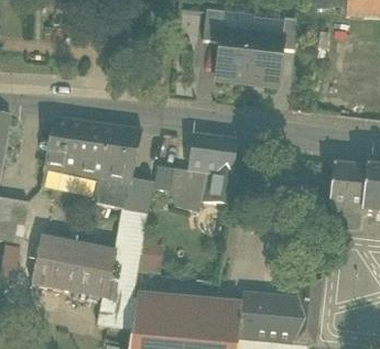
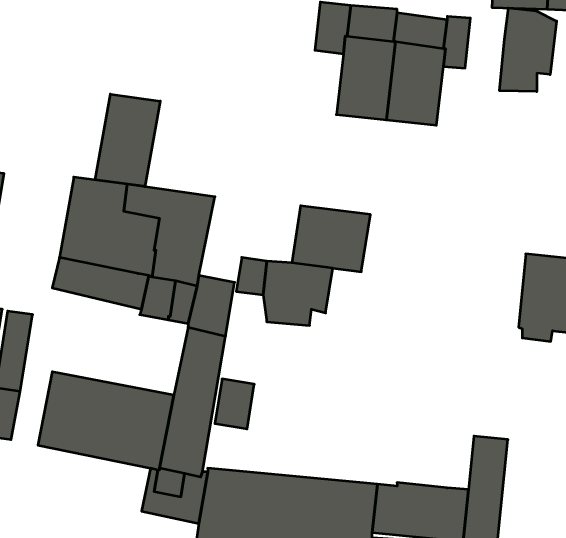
building: none -> [500,8,557,92]
building: none -> [95,94,160,187]
building: [208,171,234,201] -> none

